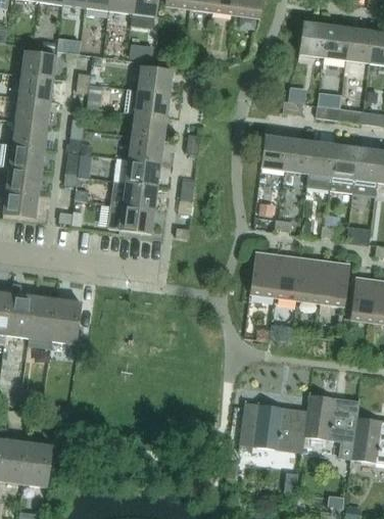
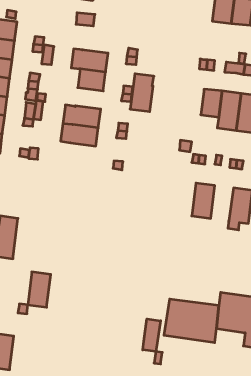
building: [137,66,173,94] -> none
building: [260,124,290,171] -> [130,74,154,112]
building: [129,137,163,163] -> none
building: [119,205,154,234] -> none
building: [250,252,279,296] -> none
building: [297,258,326,302] -> none
building: [52,299,81,343] -> [28,272,51,307]
building: none -> [143,319,161,352]

